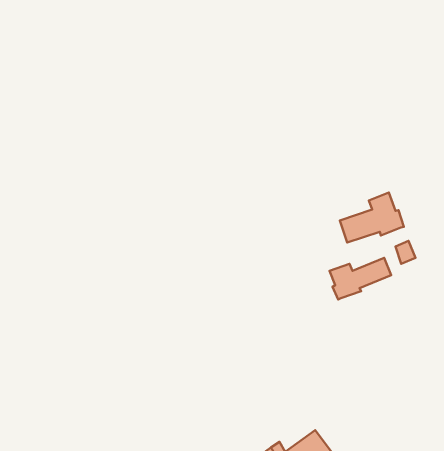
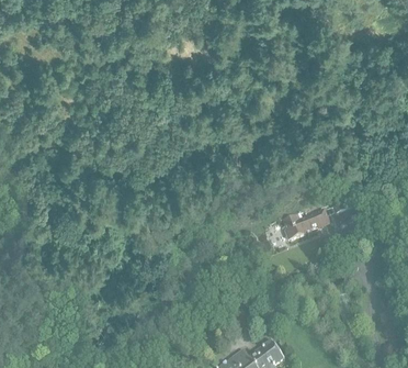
building: [340,193,404,243] -> none

